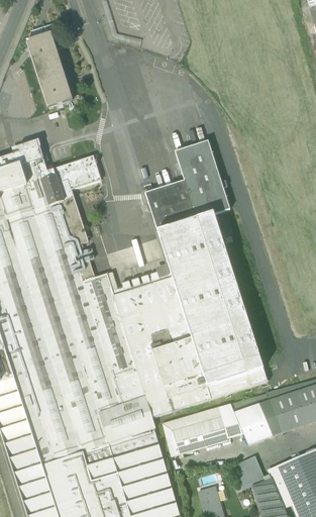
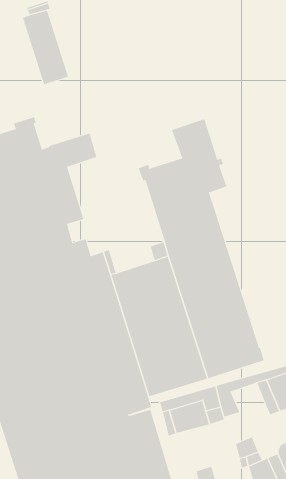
building: [234,404,273,444] -> none

